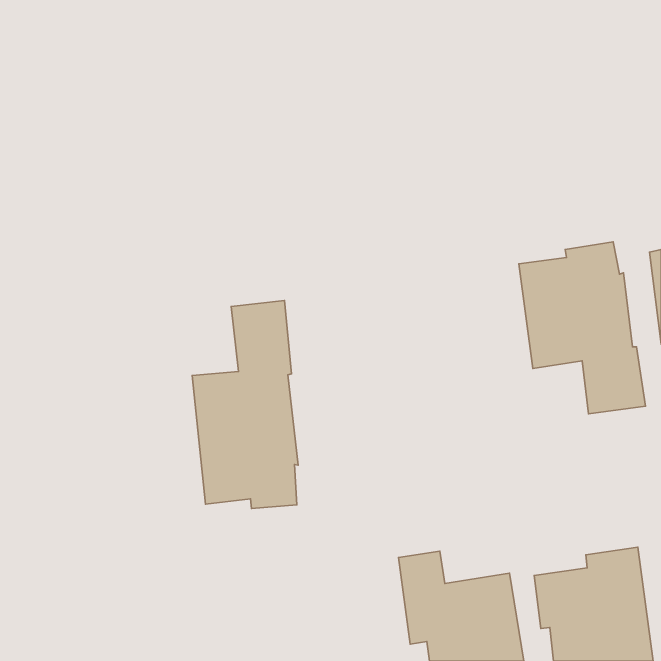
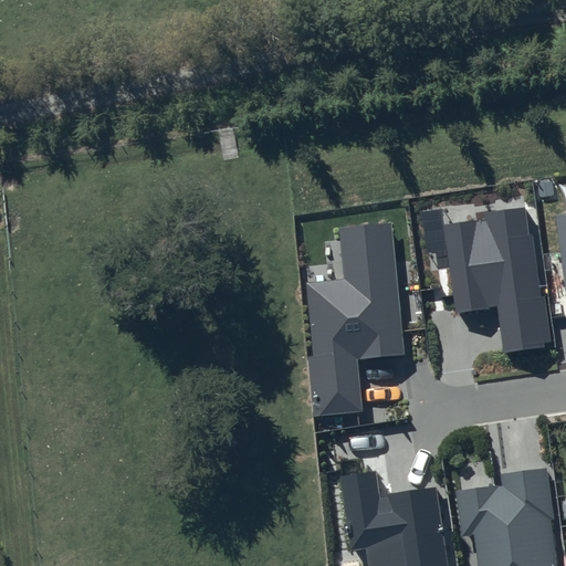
building: none -> [307,222,405,417]
building: [192,300,298,508] -> none

